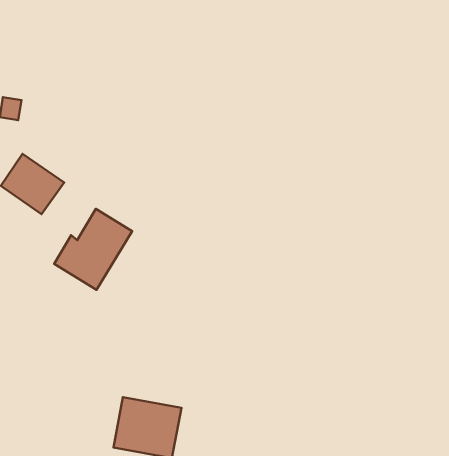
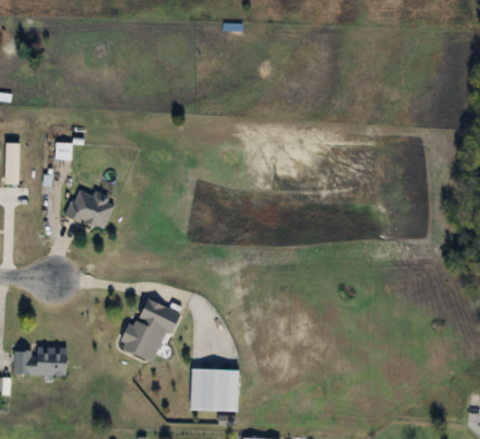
building: [54,209,132,290] -> [119,299,177,364]

